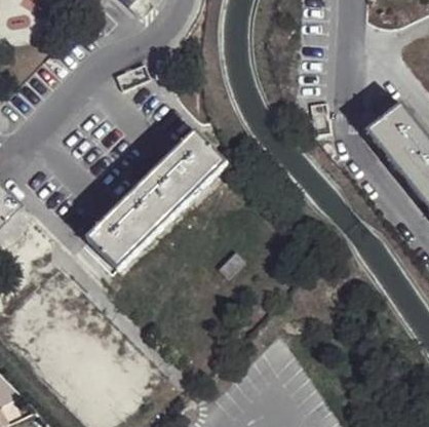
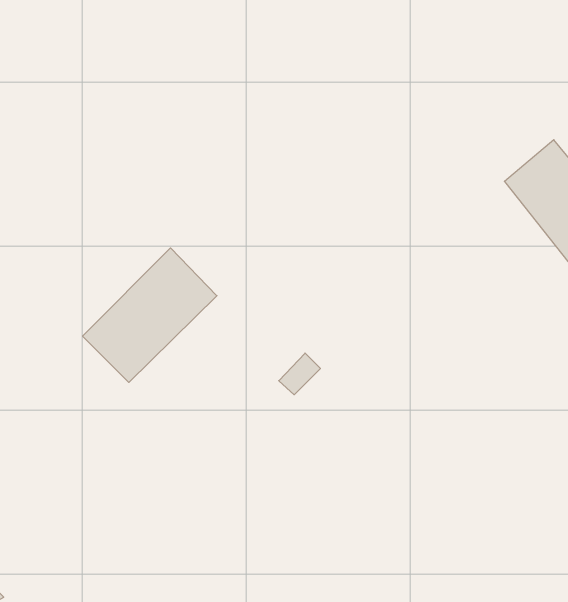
building: [145,127,227,209] -> none

